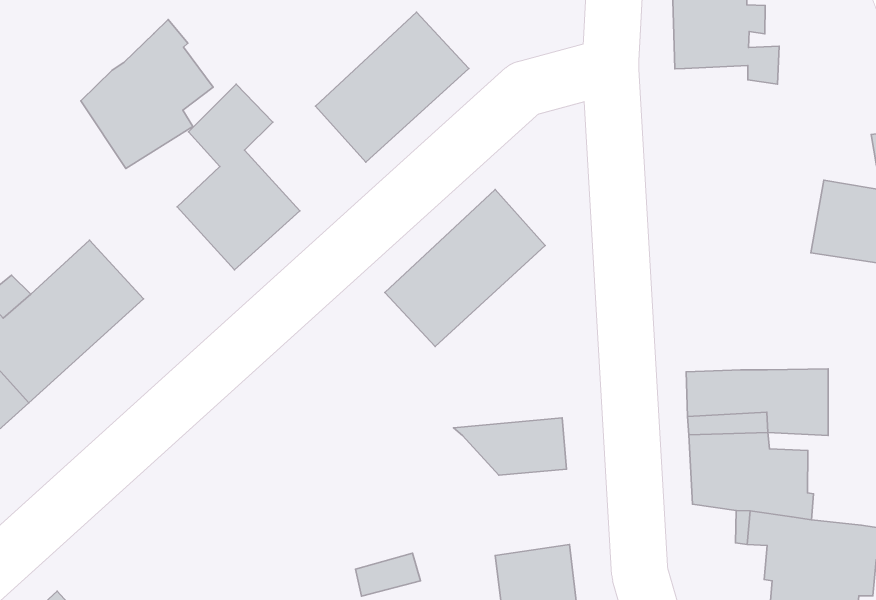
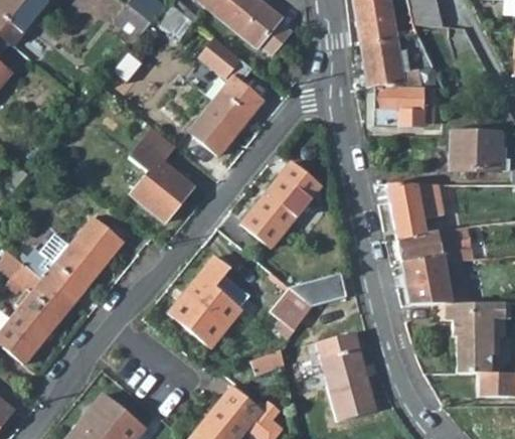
building: [81,20,213,168] -> none
building: none -> [374,88,435,128]
building: none -> [387,183,448,239]
building: none -> [169,257,250,345]
building: none -> [274,287,313,327]

